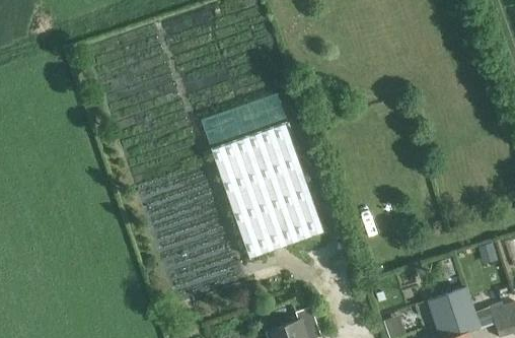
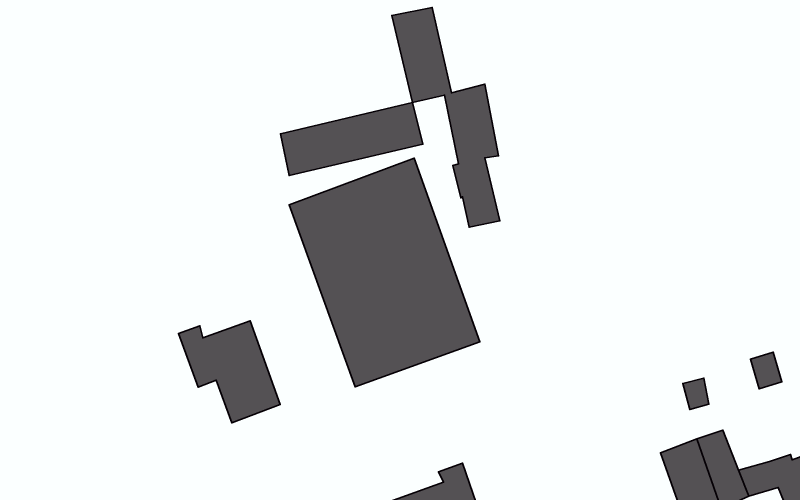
building: none -> [392,7,500,227]
building: none -> [178,321,280,423]

